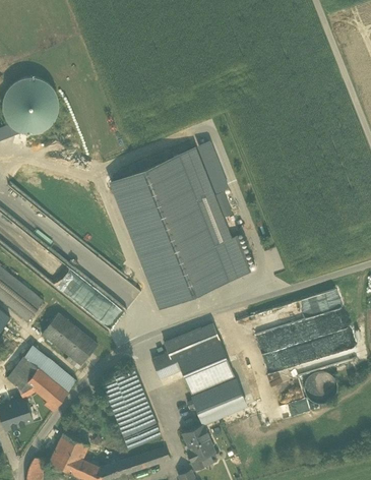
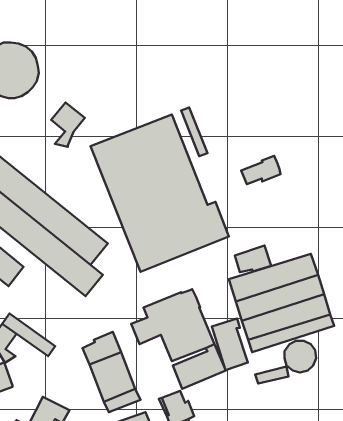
building: none -> [51,103,85,147]
building: none -> [241,156,281,184]
building: none -> [235,245,271,272]
building: [43,313,100,369] -> none
building: none -> [212,319,248,370]
building: [26,369,69,407] -> none

